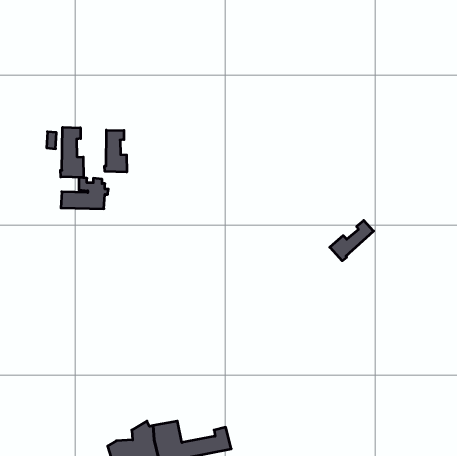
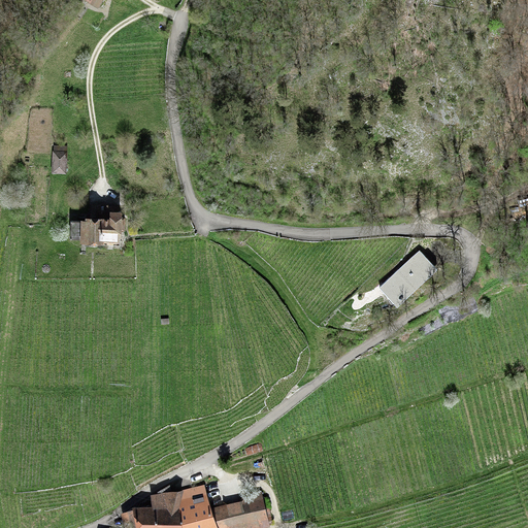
building: [60,127,83,178] -> none
building: [105,130,127,172] -> none

